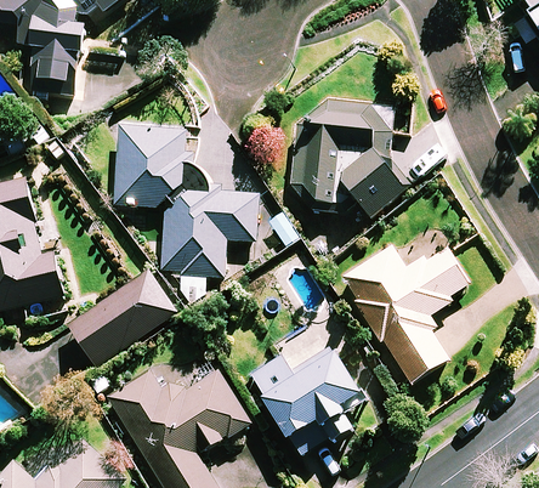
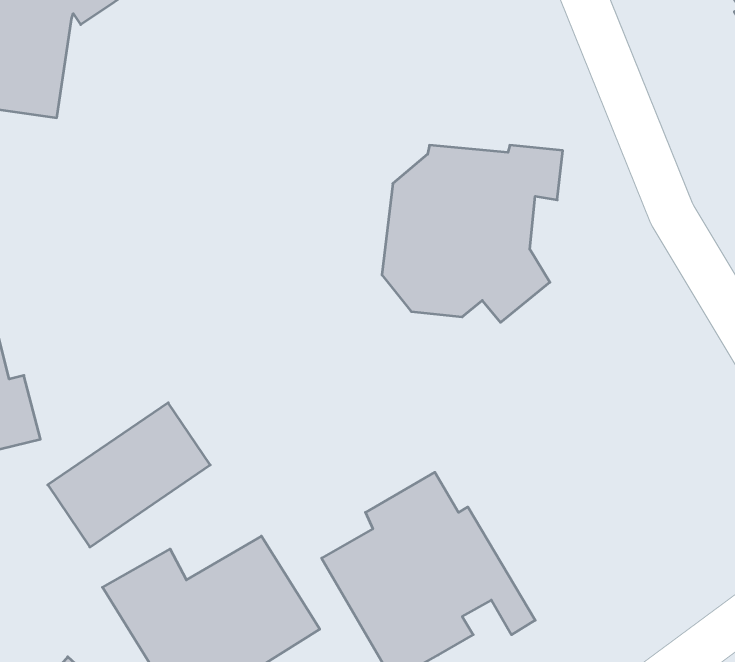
building: [114,125,257,296] -> none
building: [340,246,469,381] -> none

